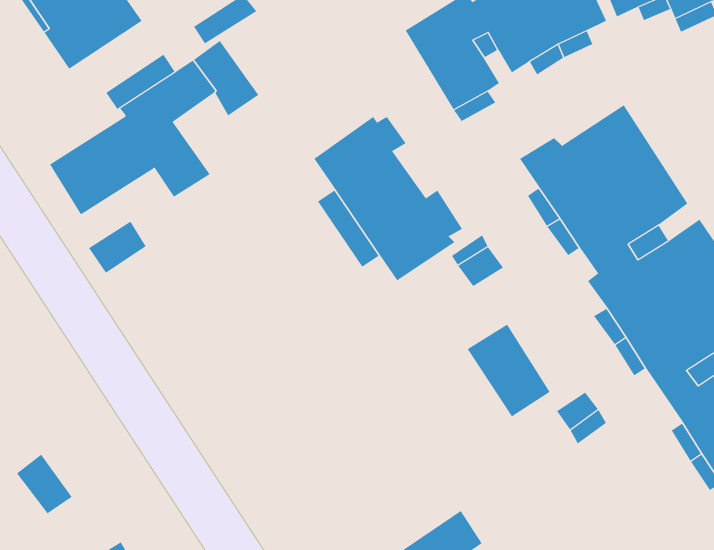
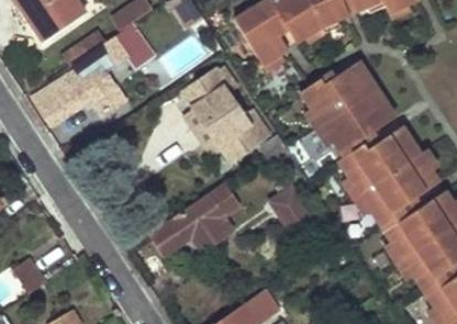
building: none -> [151,185,237,254]

